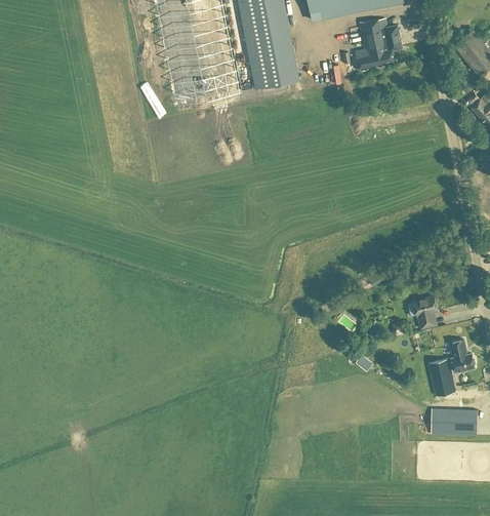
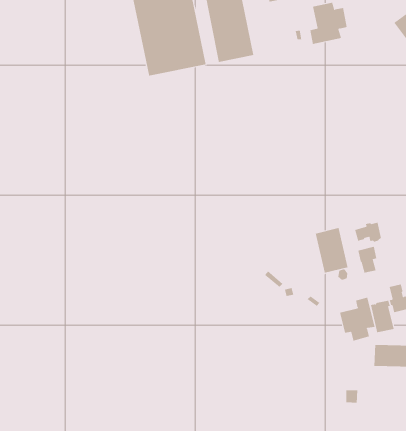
building: none -> [354,222,382,242]
building: none -> [315,227,348,274]
building: none -> [339,297,375,342]

